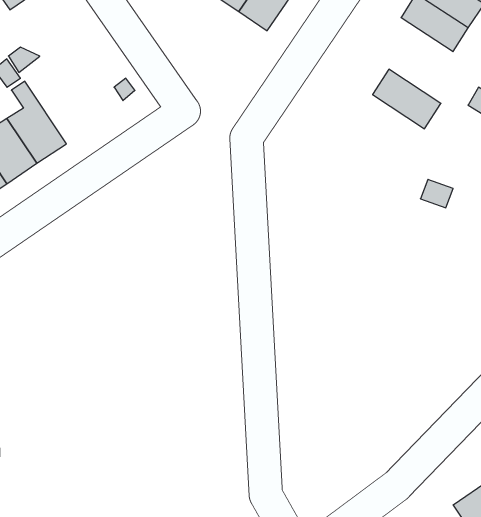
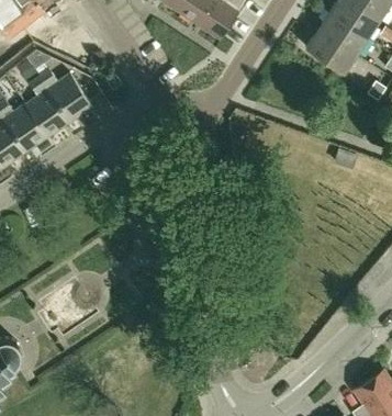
building: [373,69,441,129] -> [305,30,356,74]
building: none -> [40,70,93,123]

